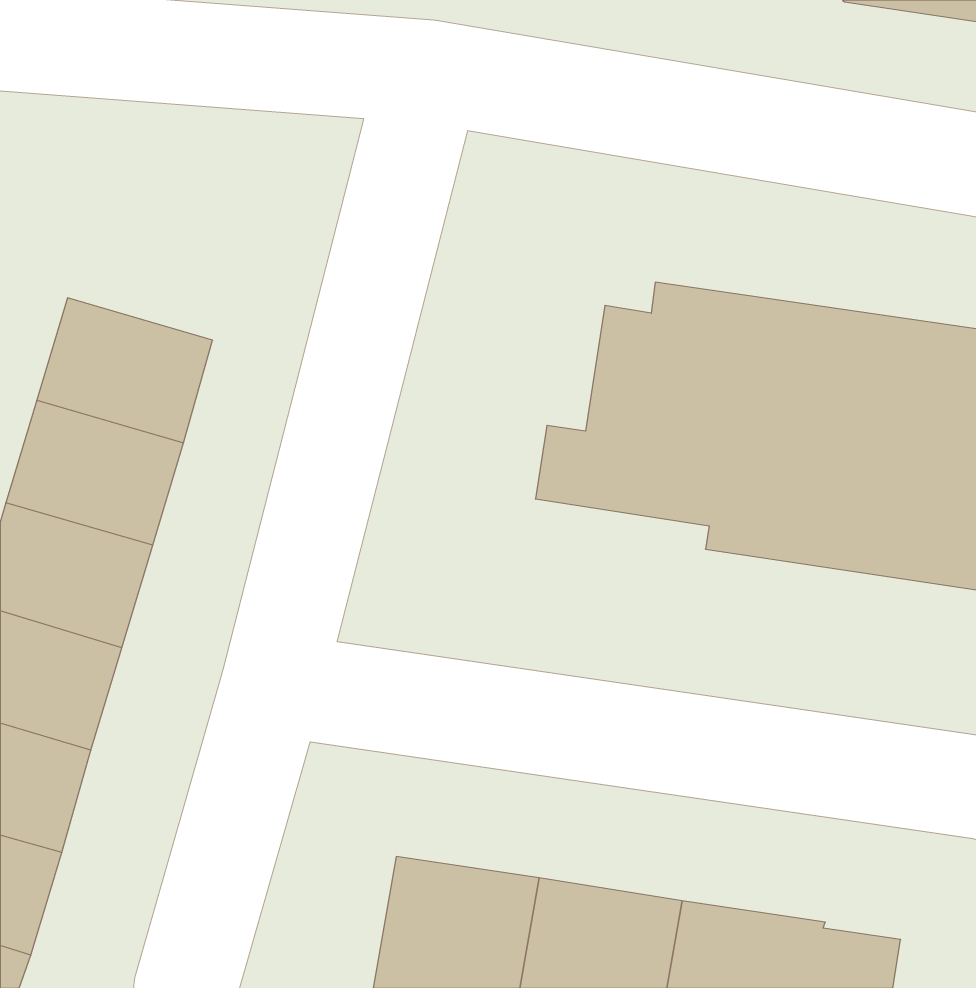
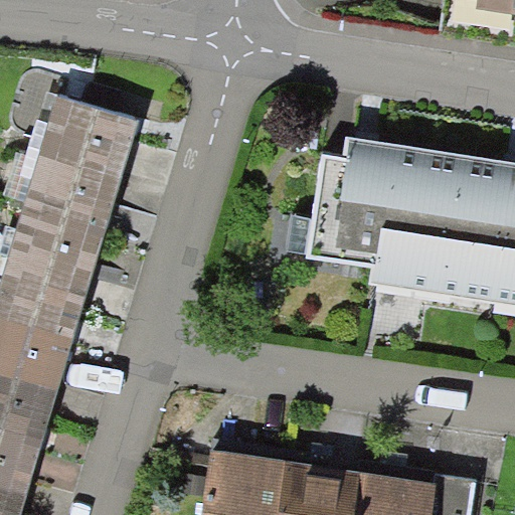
building: none -> [41,102,133,177]

